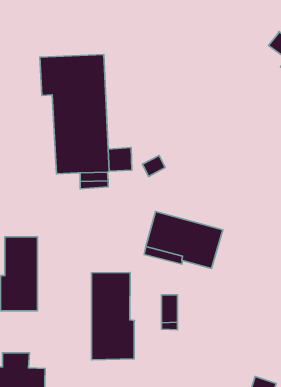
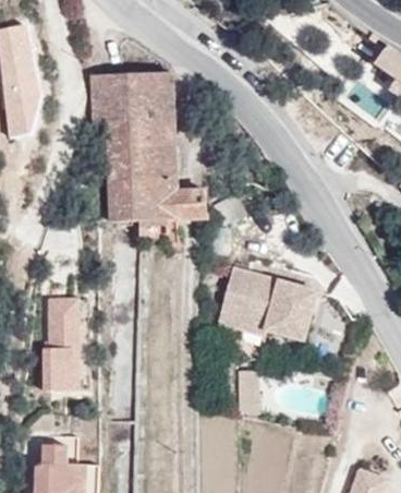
building: [91,273,135,360] -> none

